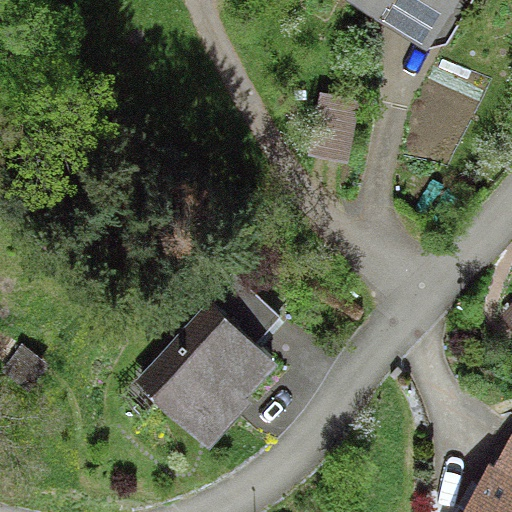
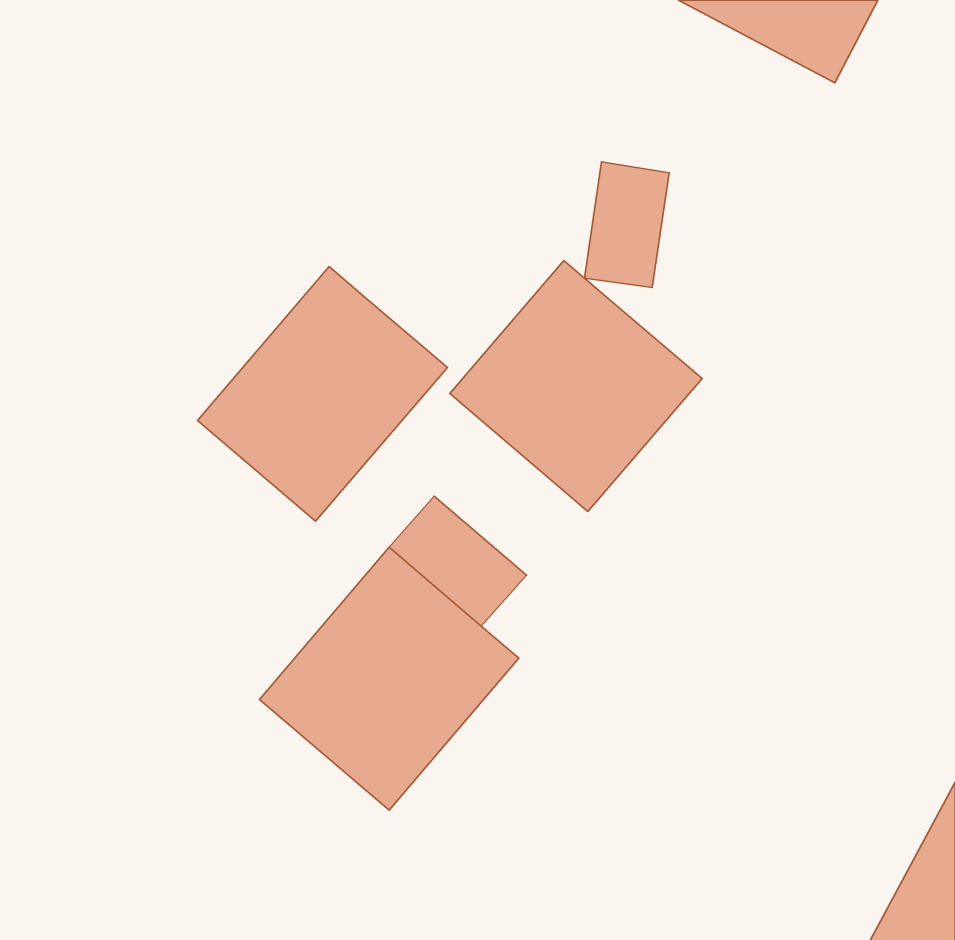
building: none -> [450,260,702,512]
building: none -> [197,267,447,521]

